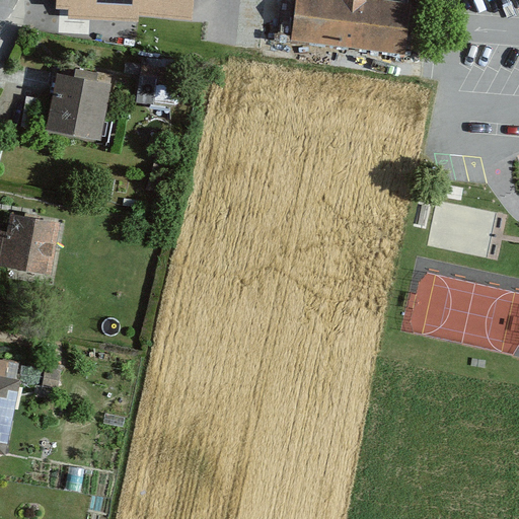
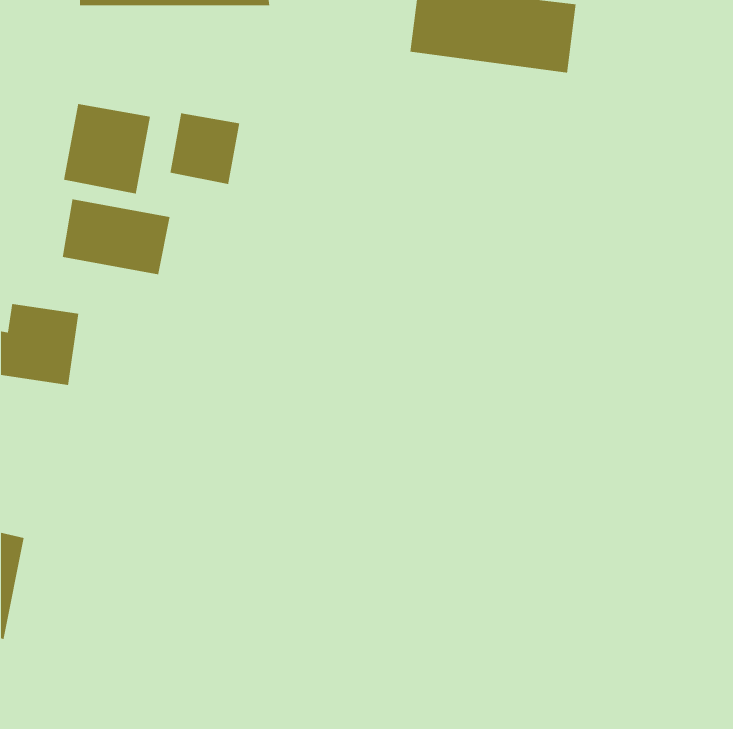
building: none -> [170,112,240,185]
building: none -> [62,198,170,275]

